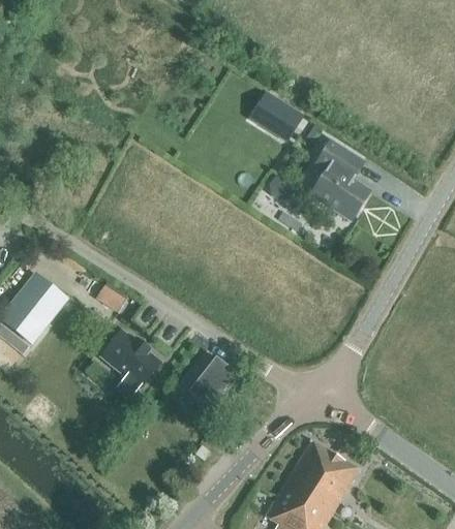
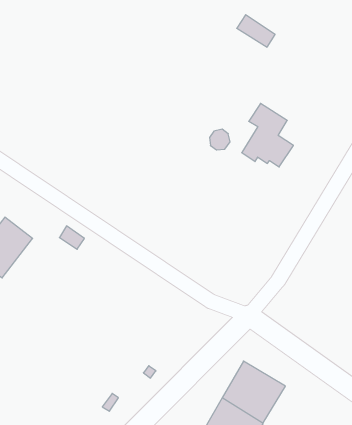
building: [256,94,301,131] -> [237,15,275,47]
building: [101,332,161,397] -> none
building: [180,352,234,408] -> none

